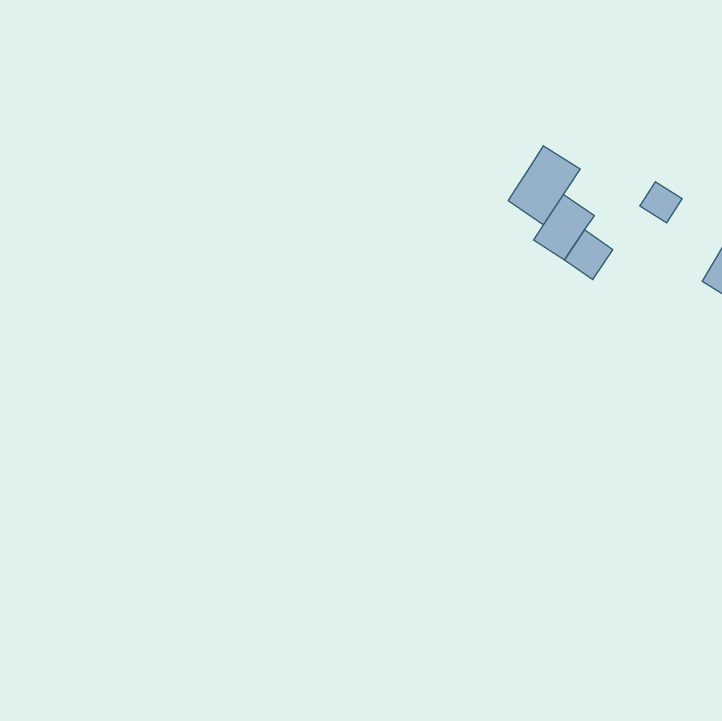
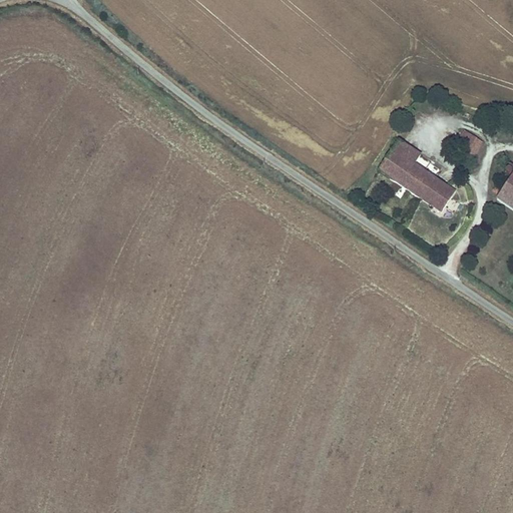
building: [508,146,580,225] -> none
building: none -> [421,176,457,211]

